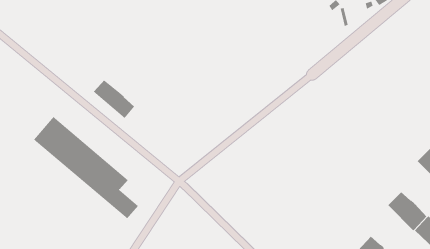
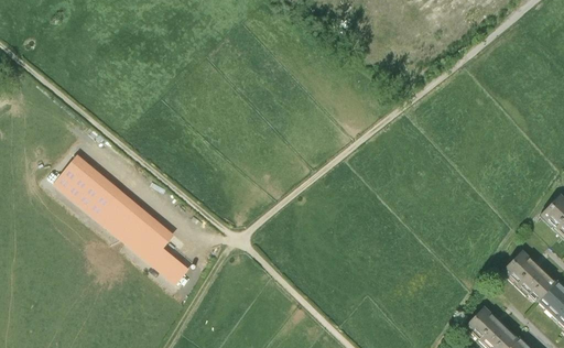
building: [93,80,135,119] -> none

